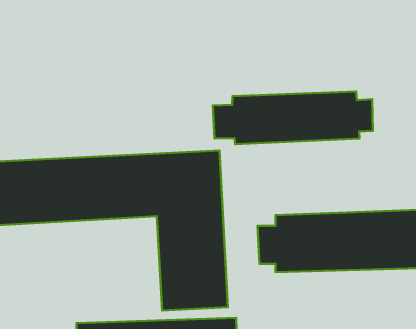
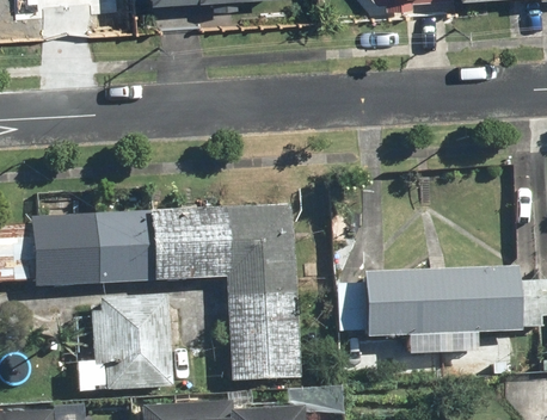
building: [213,91,373,144] -> none
building: none -> [78,294,173,391]

